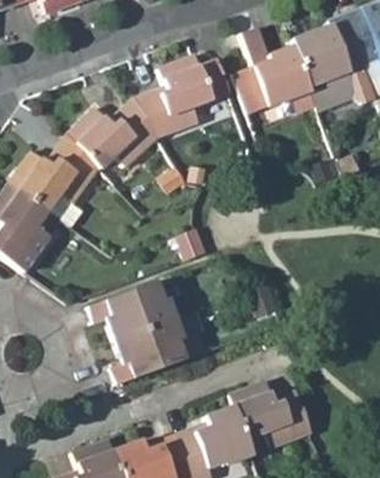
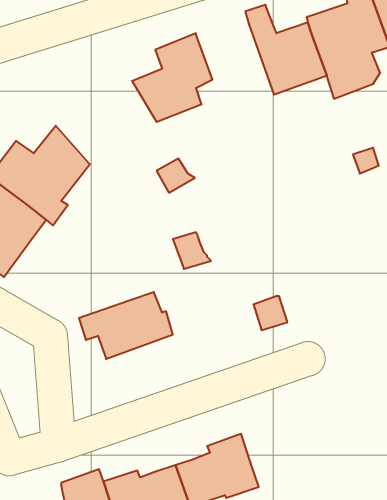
building: [69,96,160,168] -> none
building: [113,312,206,385] -> none
building: [231,385,310,448] -> none

